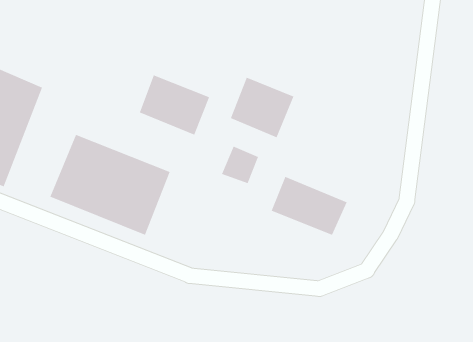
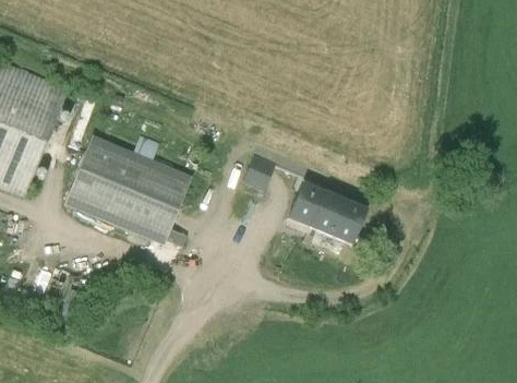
building: [139,74,210,135] -> none
building: [230,77,294,138] -> none

